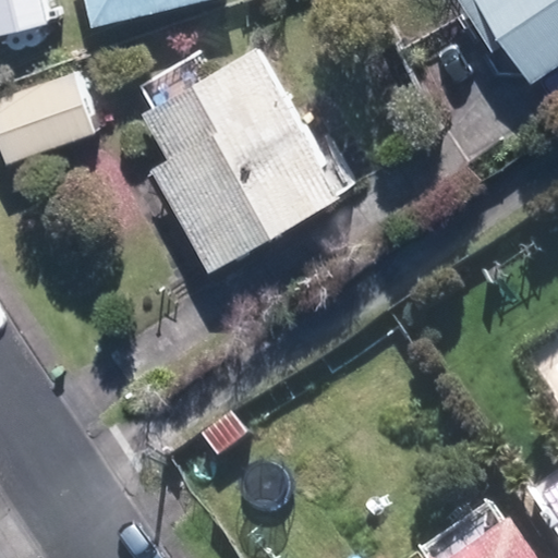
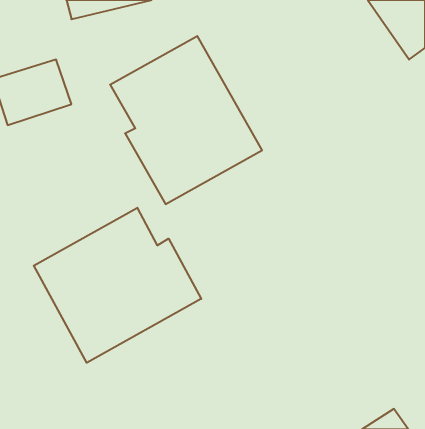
building: none -> [34,208,201,363]

